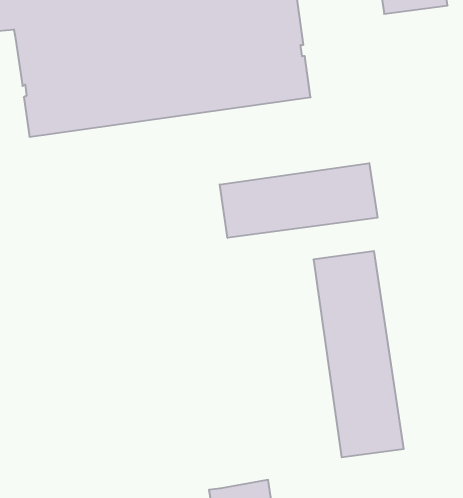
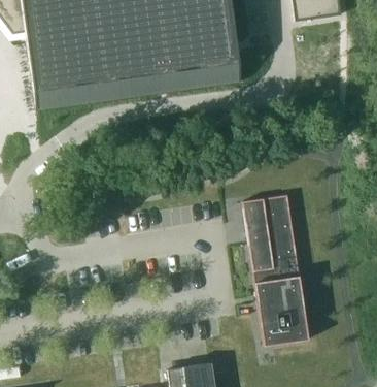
building: [220,163,377,238] -> none

